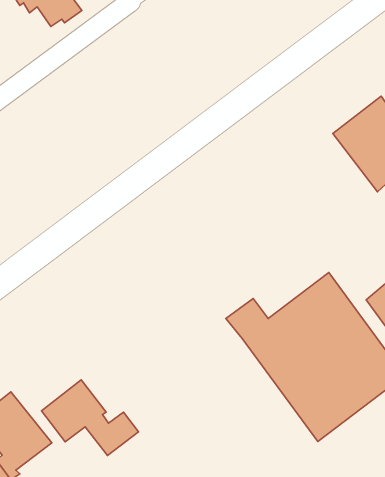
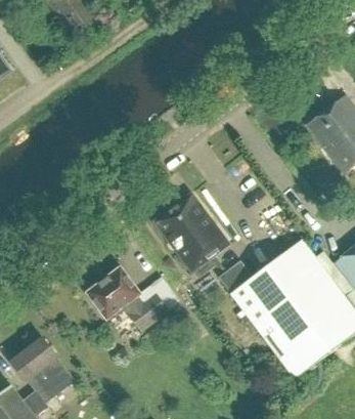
building: none -> [156,195,227,269]
building: [42,380,138,456] -> [87,266,167,329]

